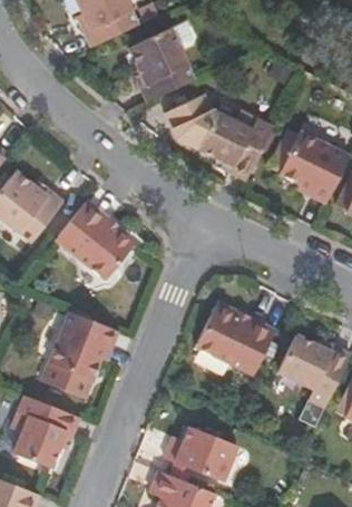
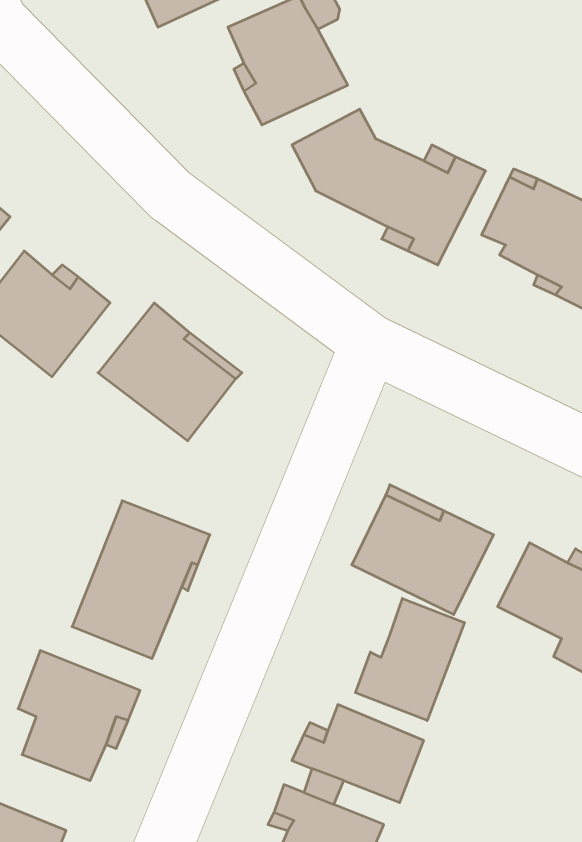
building: none -> [355,598,464,721]

